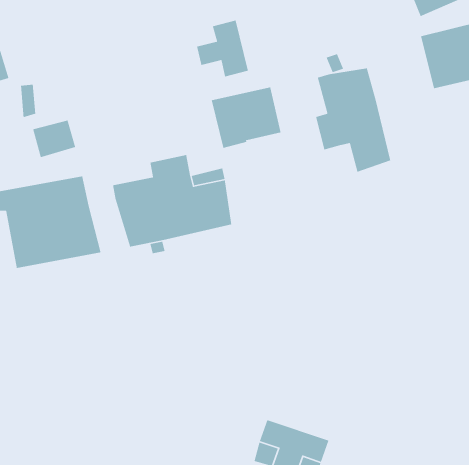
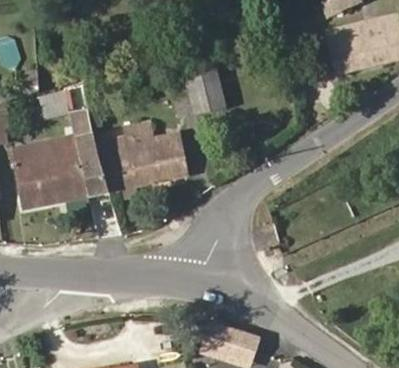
building: [196,20,249,77] -> none
building: [315,67,391,173] -> none
building: none -> [71,115,109,195]

